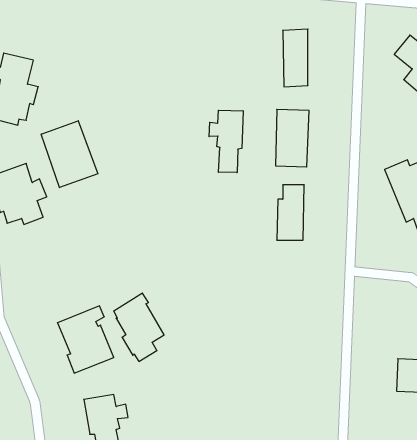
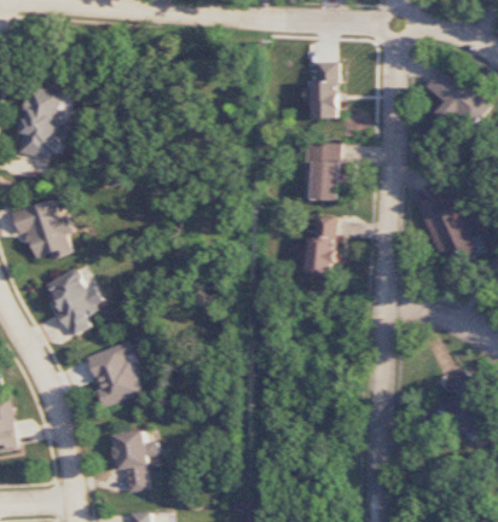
building: [209,110,243,173] -> none
building: [41,121,98,188] -> none
building: [114,293,164,361] -> [46,267,97,336]

